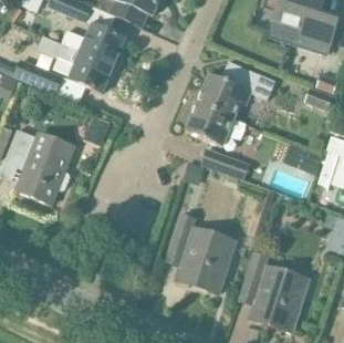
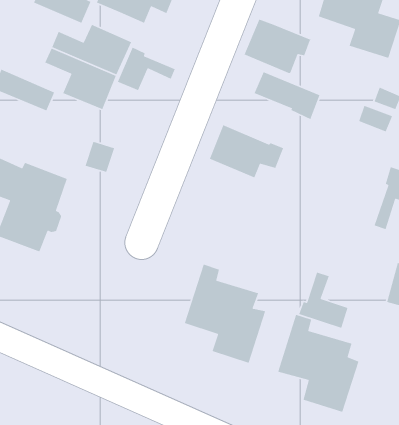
building: none -> [117,47,176,91]
building: [197,74,251,118] -> [244,19,312,74]
building: [200,146,250,179] -> none
building: none -> [298,271,349,329]

